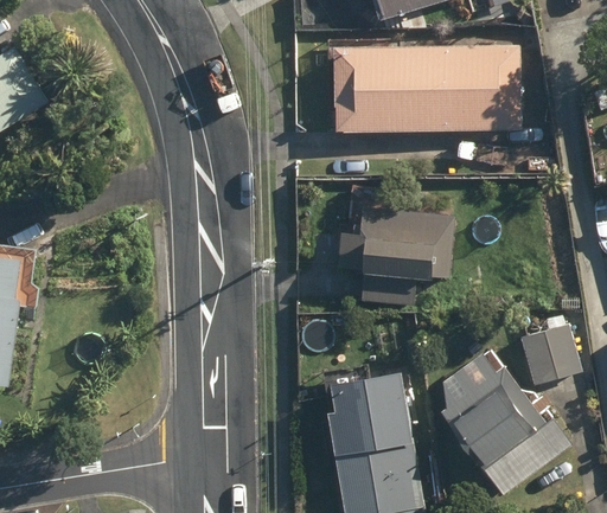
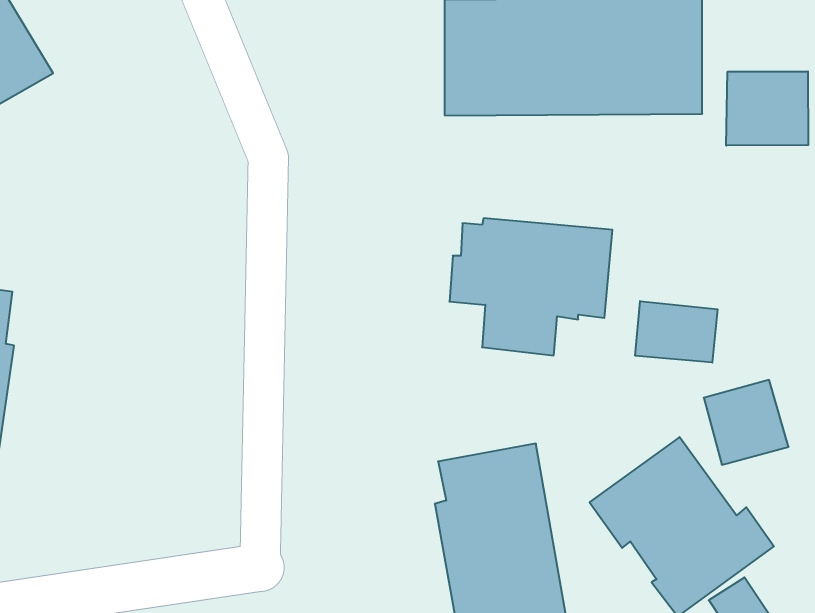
building: none -> [726,71,808,146]
building: none -> [635,301,718,363]

